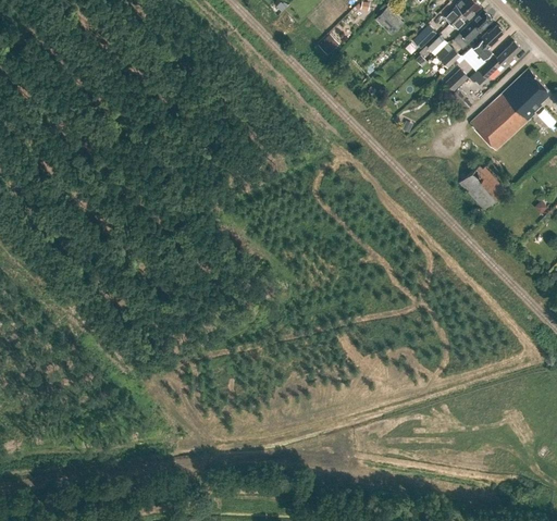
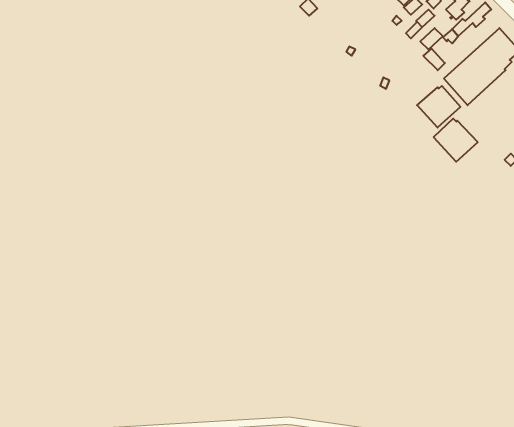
building: none -> [417,86,460,128]

